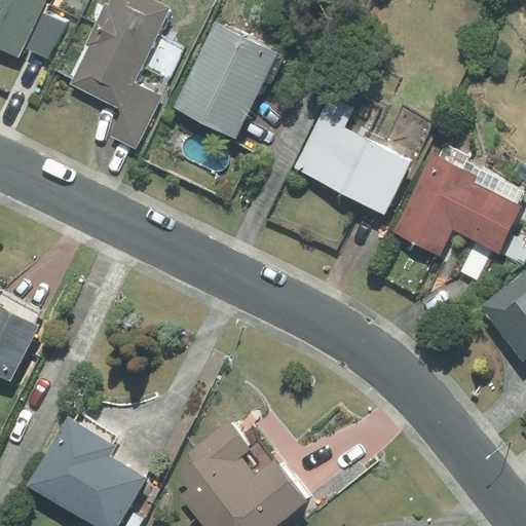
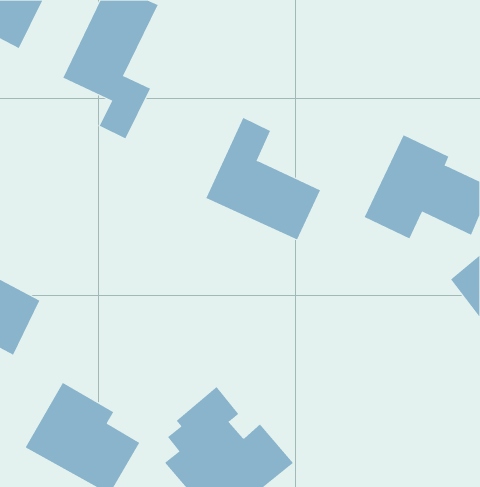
building: [171,21,283,144] -> none
building: [291,83,414,215] -> [205,117,321,240]

